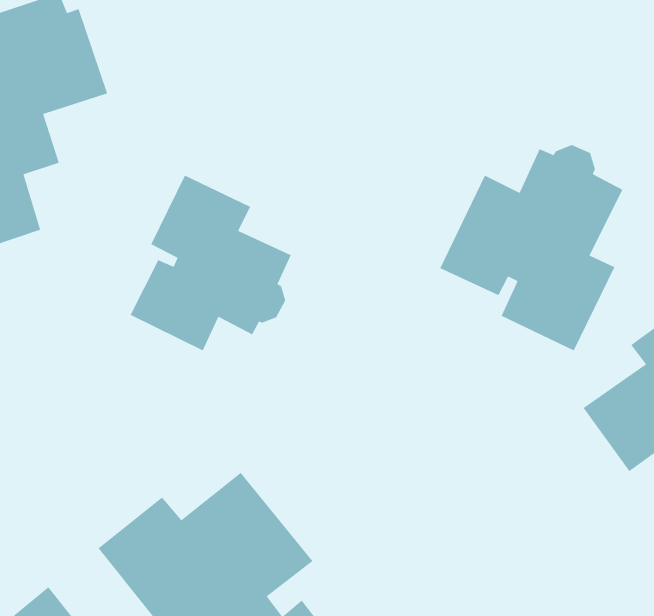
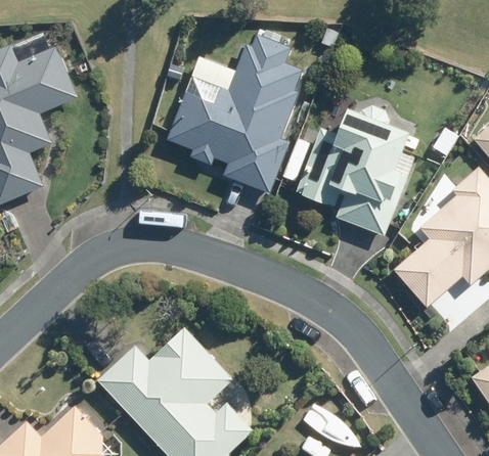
building: none -> [169,31,303,193]
building: [130,174,292,351] -> none

